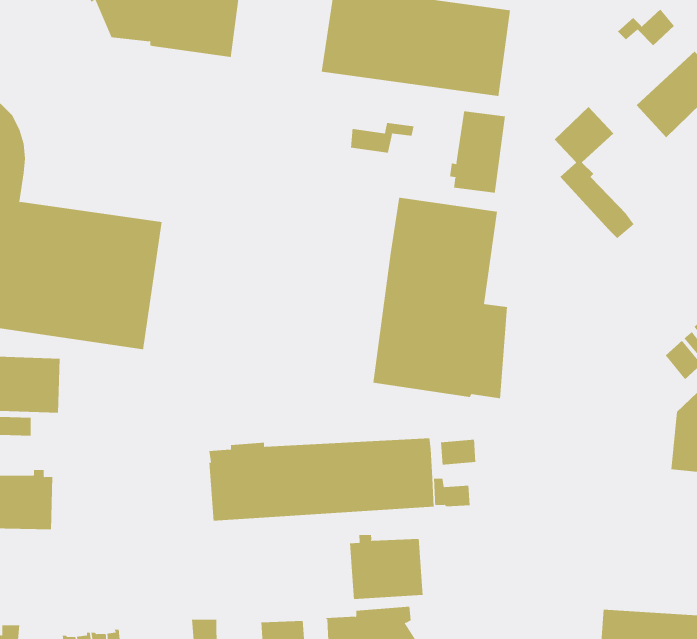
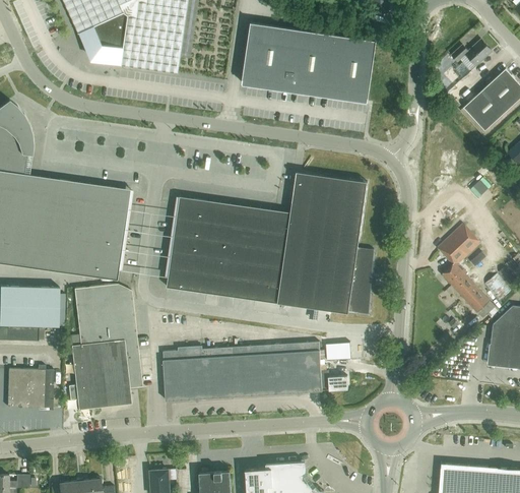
building: [554,106,634,239] -> [438,225,495,318]
building: [449,110,505,194] -> none
building: [351,122,414,154] -> none
building: none -> [167,197,290,304]
building: none -> [68,285,142,410]
building: [350,534,423,600] -> none

